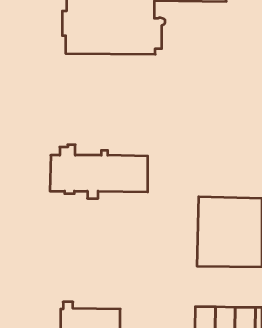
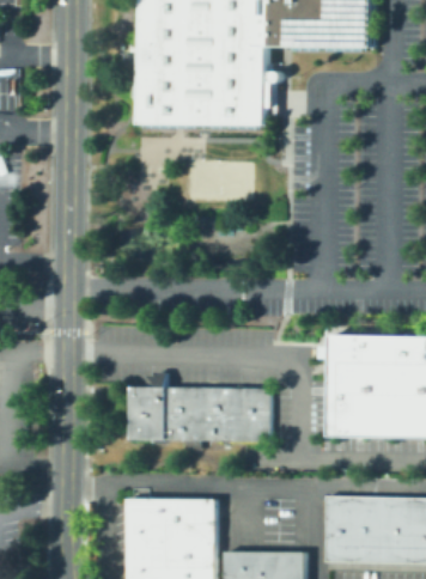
building: [50,145,148,198] -> [127,372,270,451]

